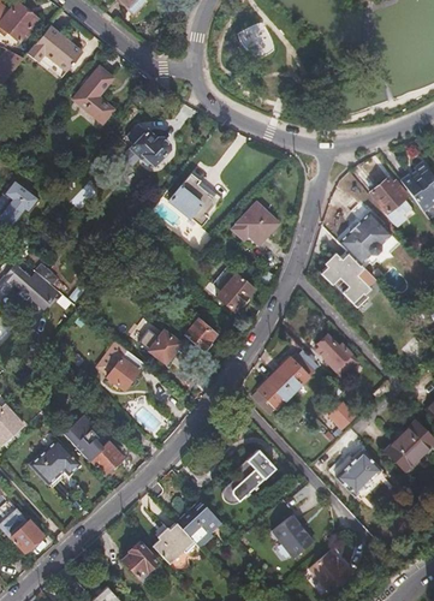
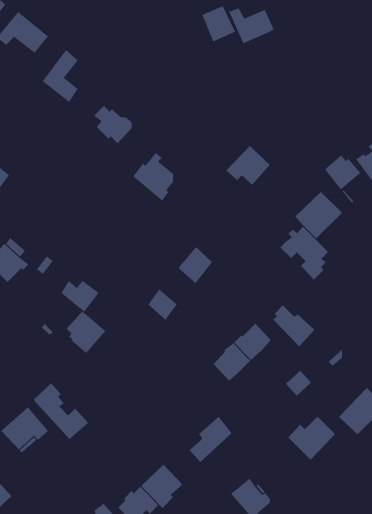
building: none -> [228,7,275,44]
building: [231,203,278,245] -> [226,145,270,185]
building: [139,329,180,363] -> [60,280,99,312]

